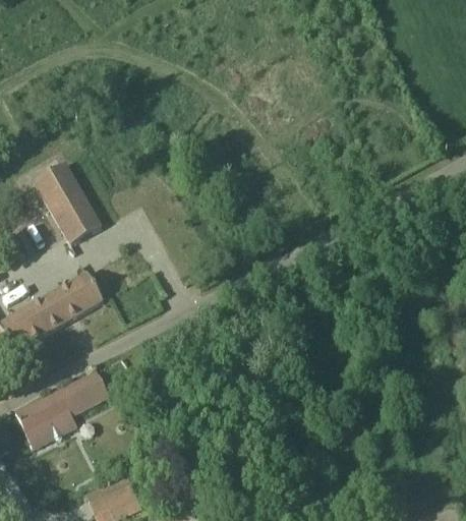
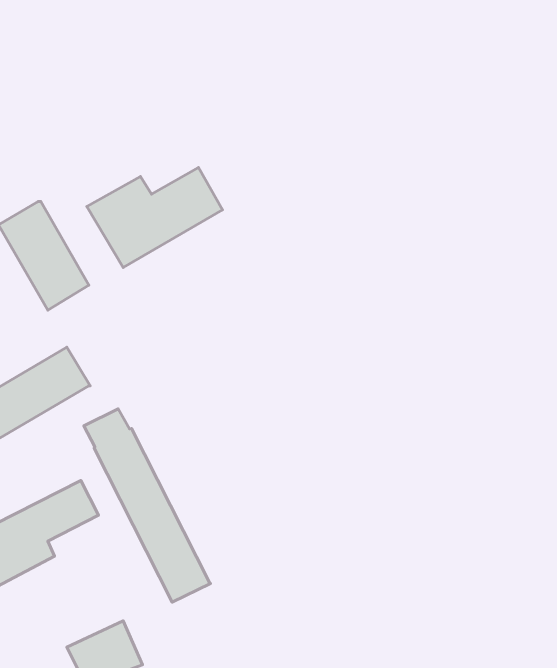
building: none -> [87,167,222,267]
building: none -> [84,409,211,602]

